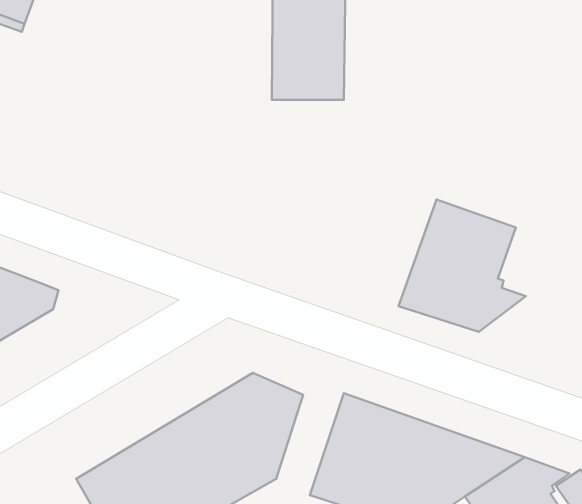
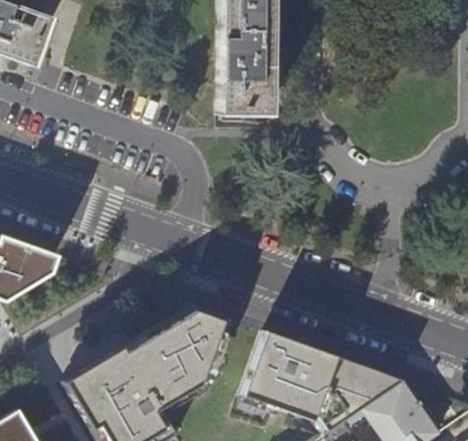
building: [398,199,526,332] -> none

